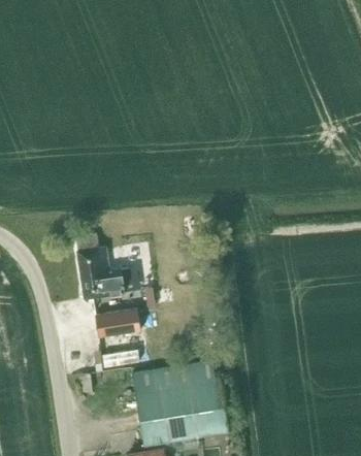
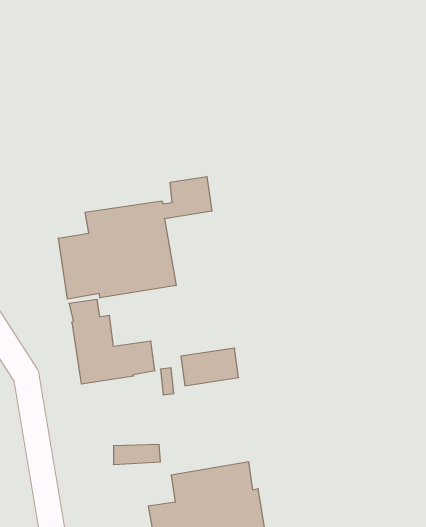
building: none -> [58,176,212,299]
building: [95,308,139,337] -> [181,348,239,386]

